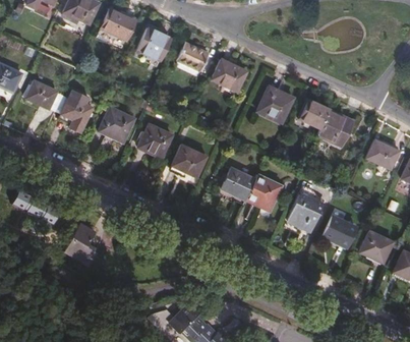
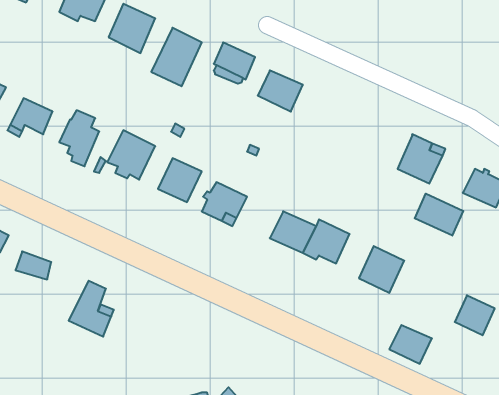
building: [258,89,292,121] -> none
building: [299,100,330,128] -> none
building: none -> [415,194,463,236]
building: [325,218,357,247] -> [389,325,432,364]

